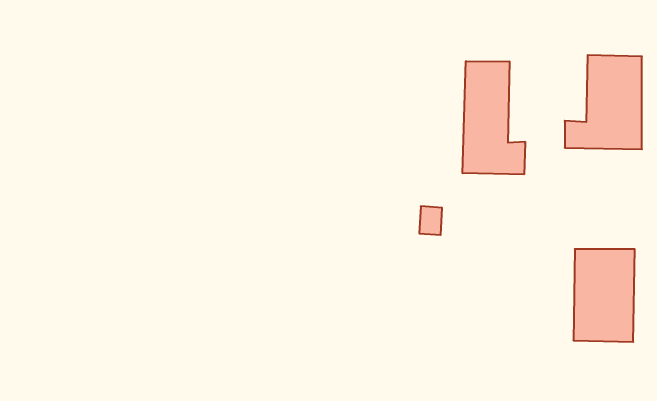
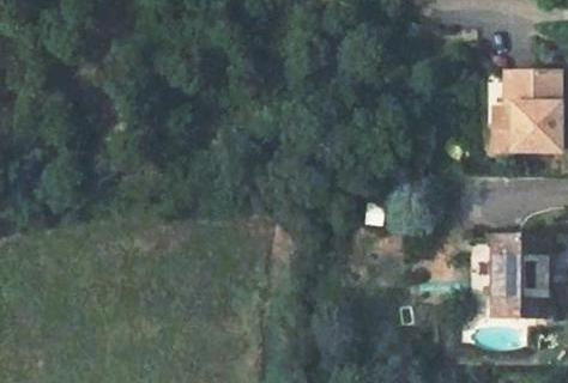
building: [463,61,525,174] -> none

